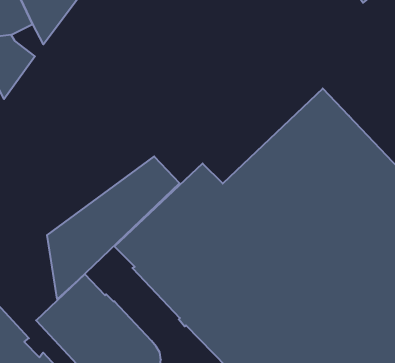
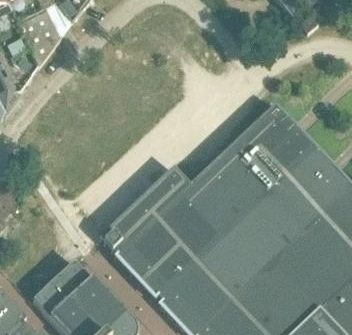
building: [47,156,179,299] -> none

